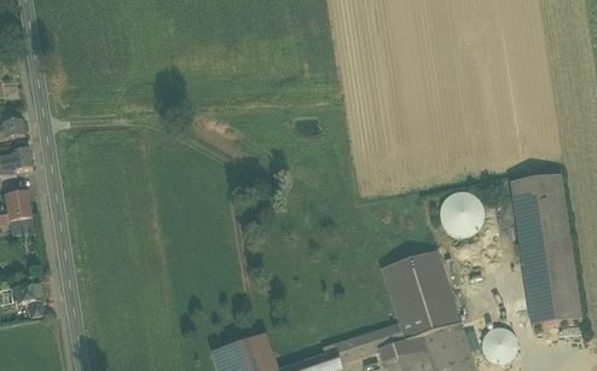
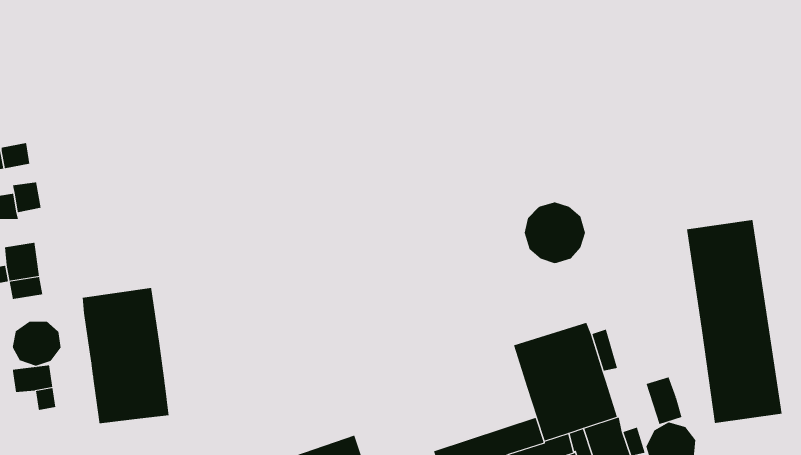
building: [439,190,485,236] -> [524,202,586,264]
building: none -> [82,287,169,424]
building: none -> [12,321,61,367]
building: none -> [646,376,682,425]

